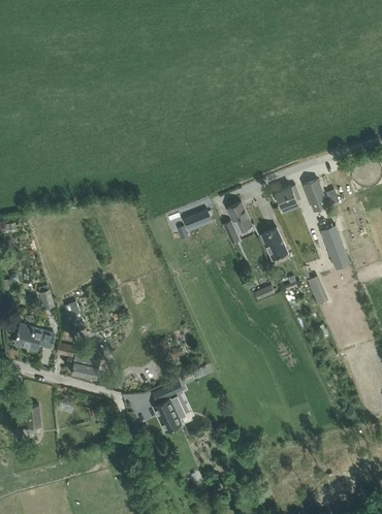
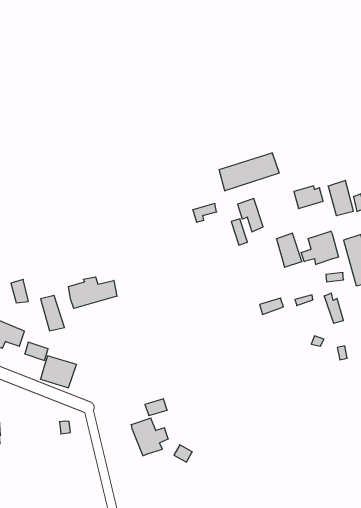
building: none -> [219,153,279,191]
building: none -> [301,231,338,265]
building: none -> [68,277,117,308]

